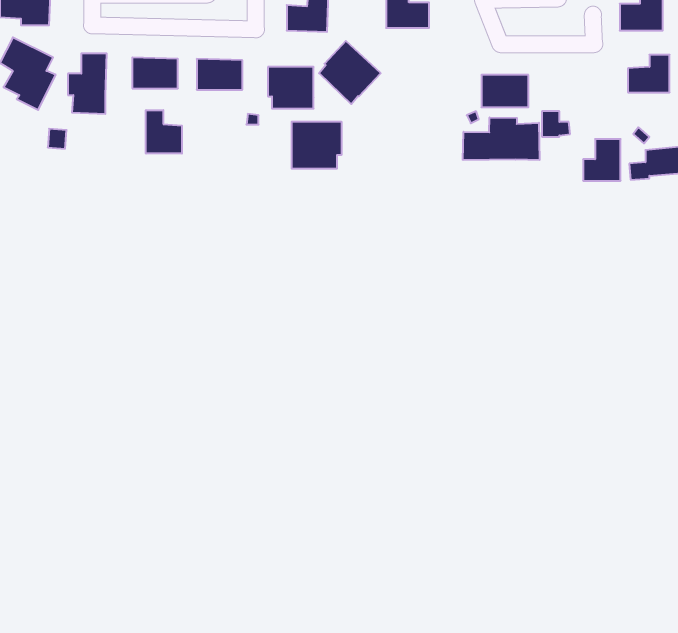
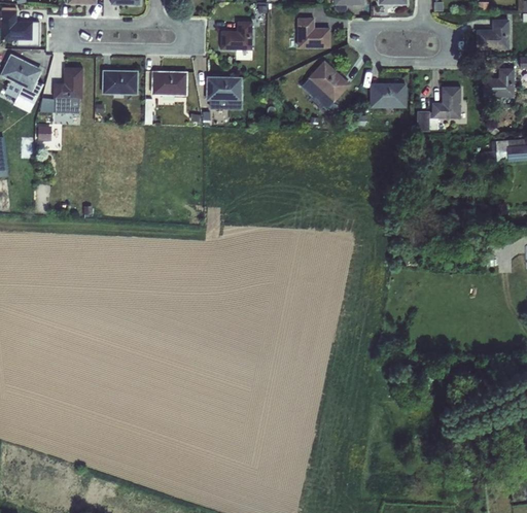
building: [319,41,381,104] -> [303,59,350,107]
building: [146,110,182,154] -> none
building: [463,117,540,160] -> none
building: [292,122,341,169] -> none
building: [583,139,621,181] -> [431,86,460,117]

